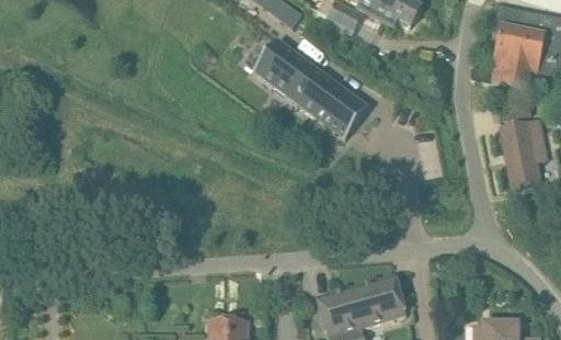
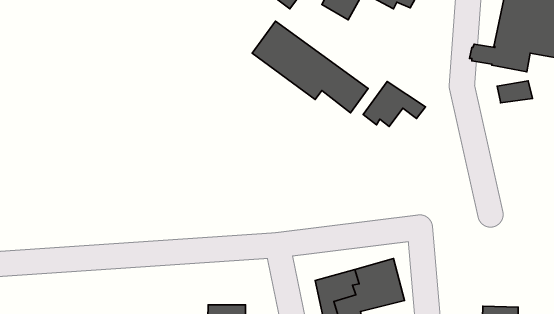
building: none -> [363,81,426,126]
building: [501,118,545,191] -> none

